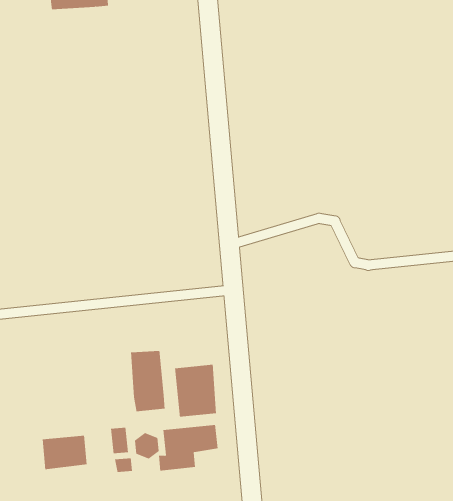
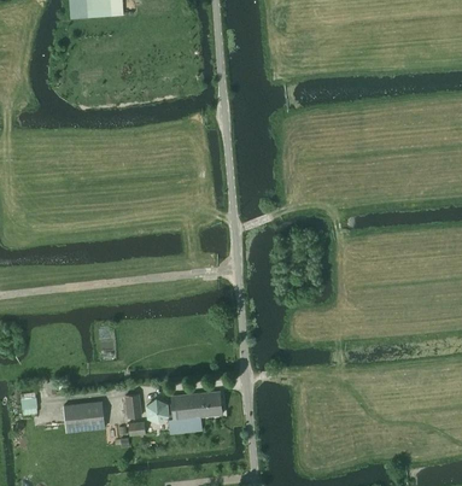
building: [131,350,165,412] -> none
building: [175,364,216,417] -> none

